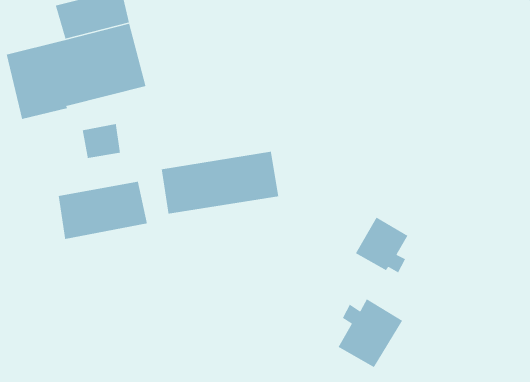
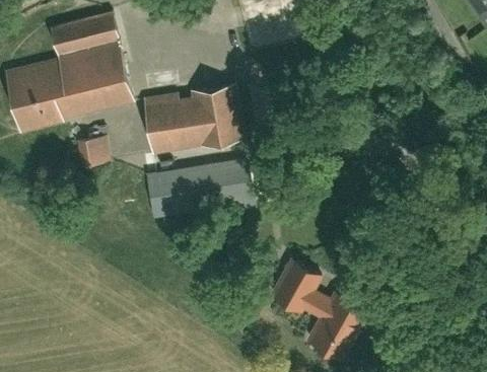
building: none -> [145,84,246,153]
building: [58,181,148,240] -> none
building: [355,217,409,273] -> [273,259,322,311]

